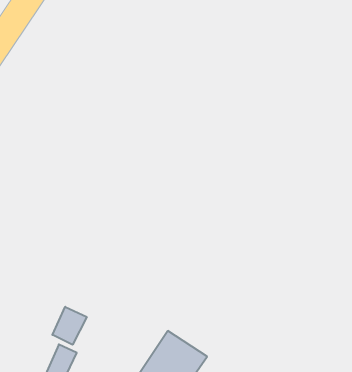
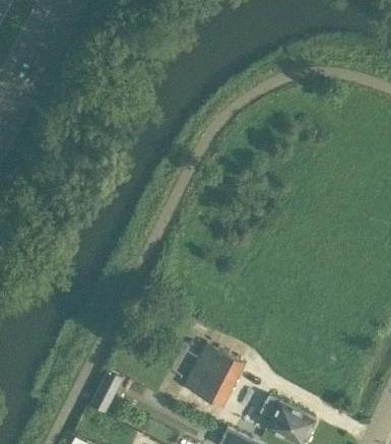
building: [52,307,87,345] -> none

